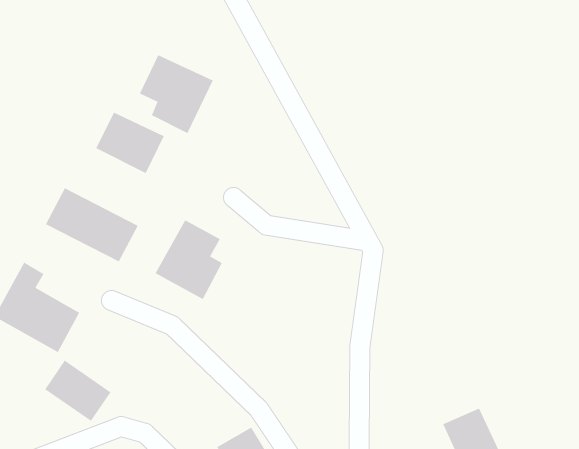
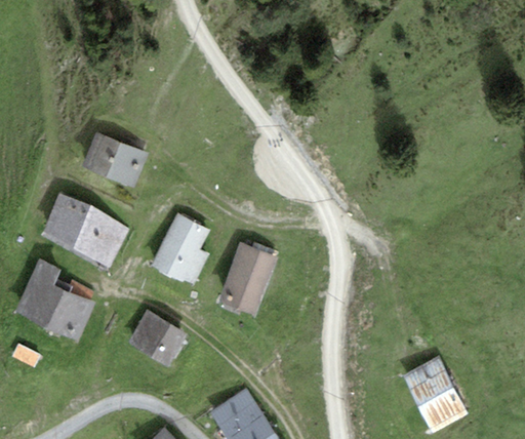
building: [139,54,214,134] -> none
building: none -> [221,244,278,312]
building: [44,360,112,422] -> [126,311,184,362]

